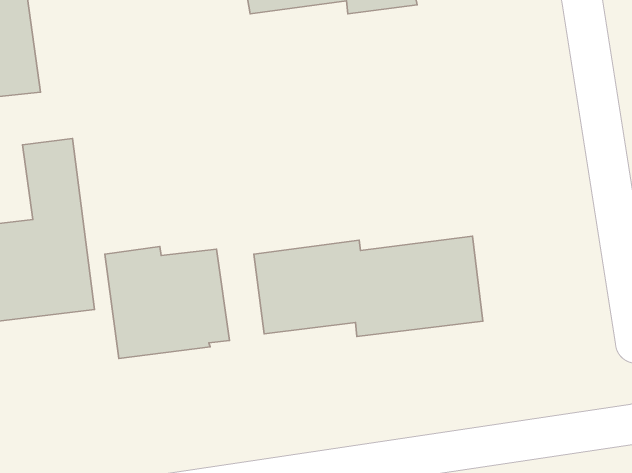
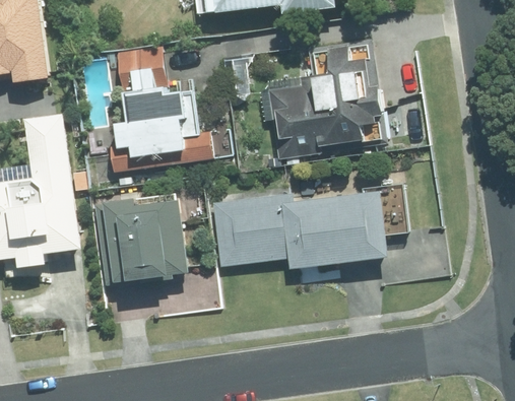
building: none -> [268,39,387,158]
building: none -> [111,45,215,172]

